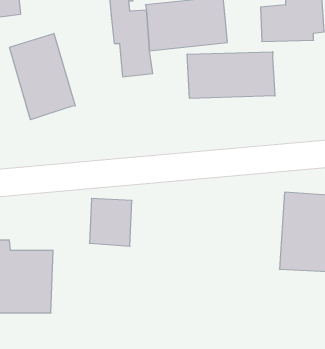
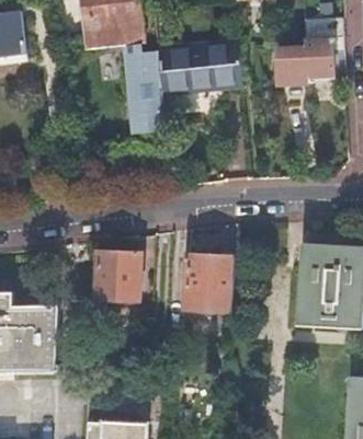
building: [9,33,75,120] -> none
building: [187,52,275,98] -> none
building: none -> [185,254,235,310]

